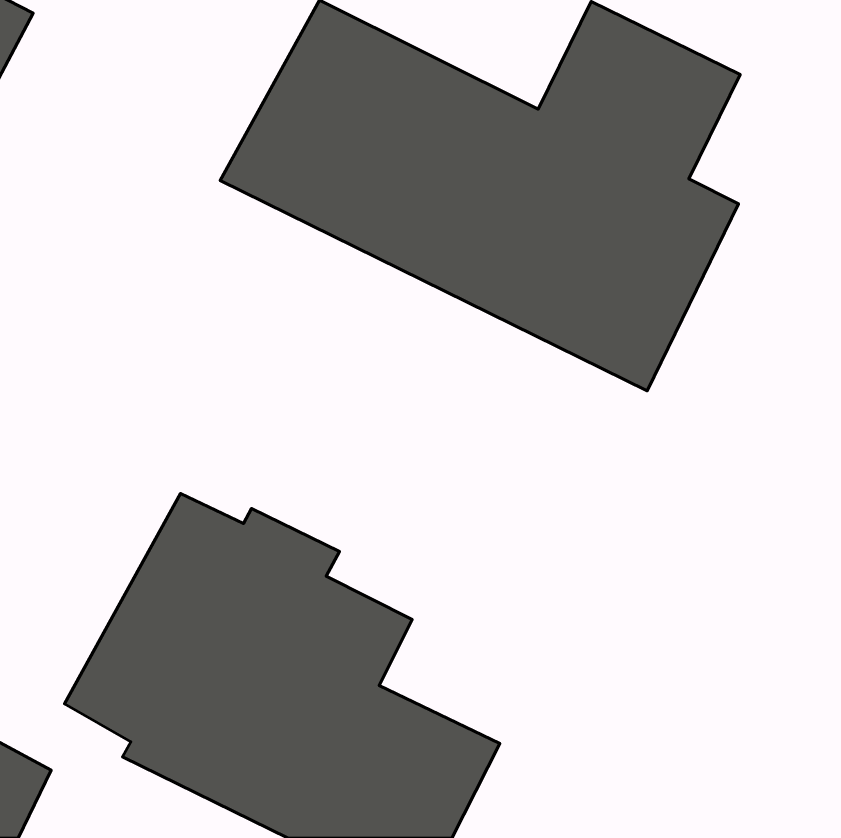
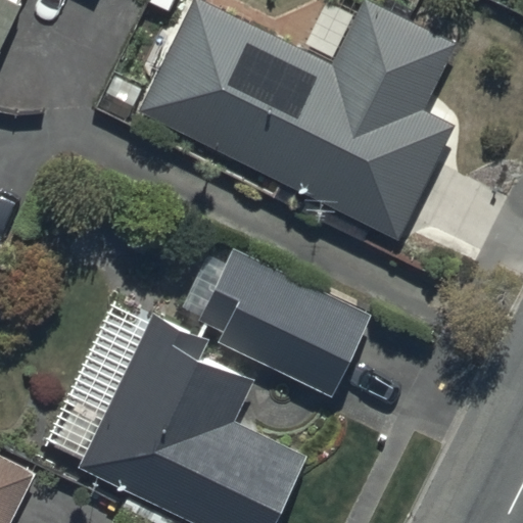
building: none -> [179,248,371,396]

